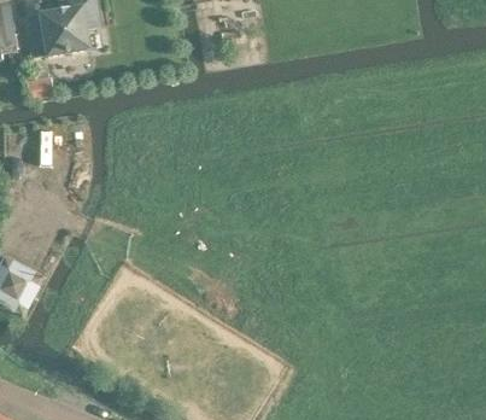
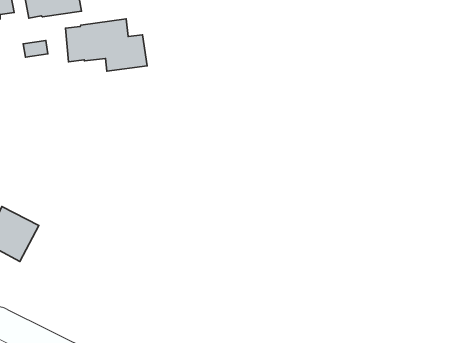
building: none -> [66,19,147,71]

